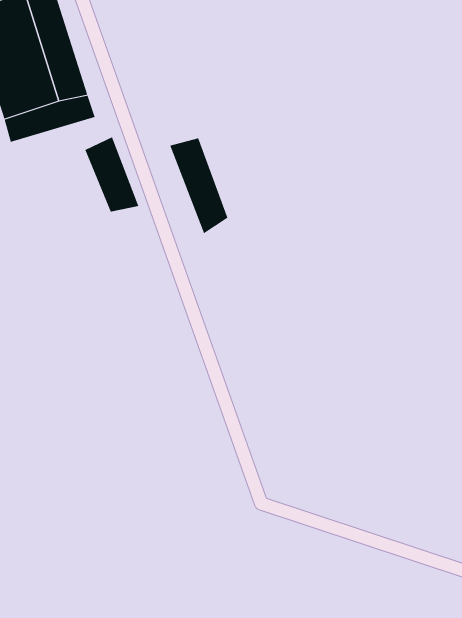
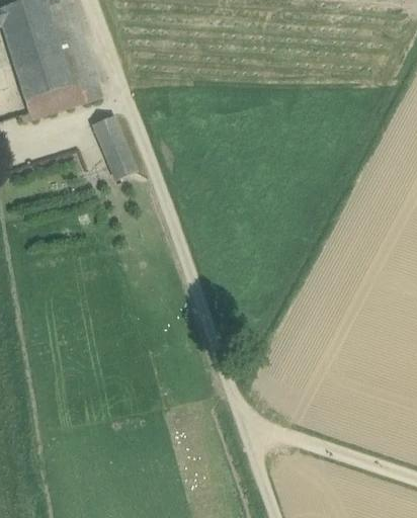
building: [170,138,228,234] -> none

